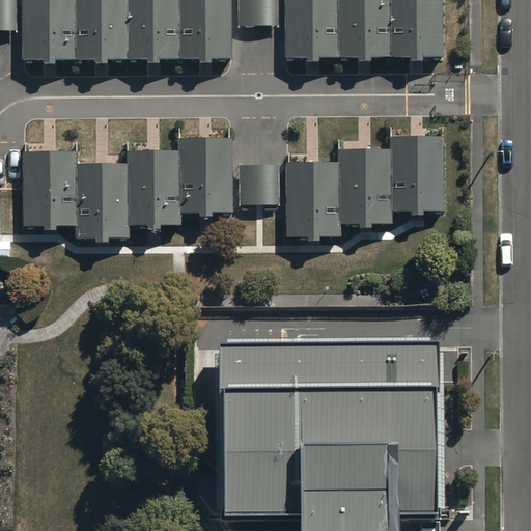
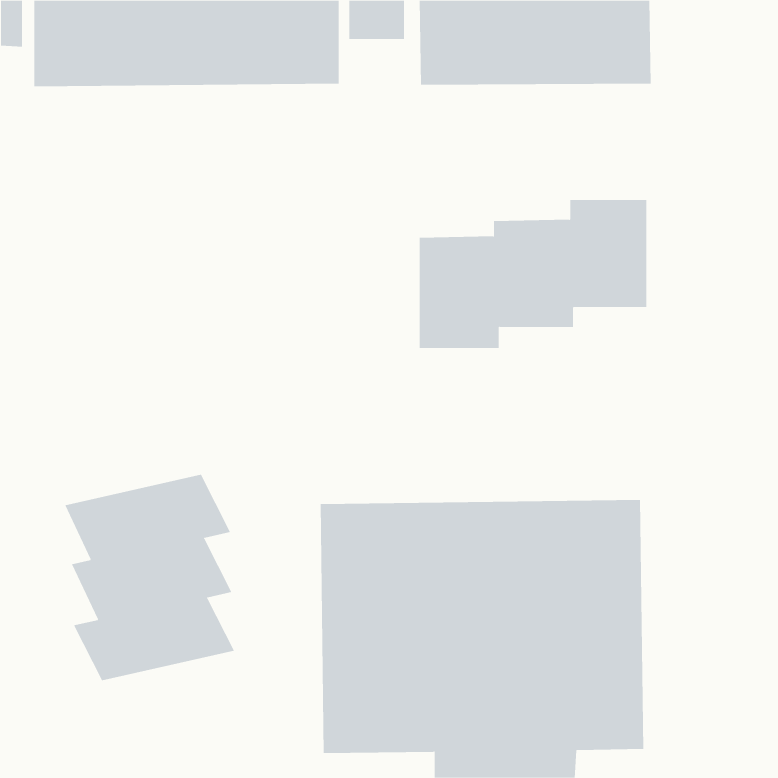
building: [21,138,232,239] -> none
building: [240,165,279,206] -> none
building: none -> [64,474,235,681]

